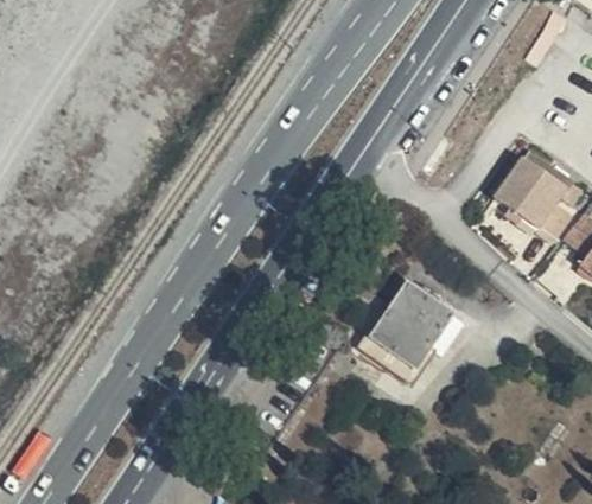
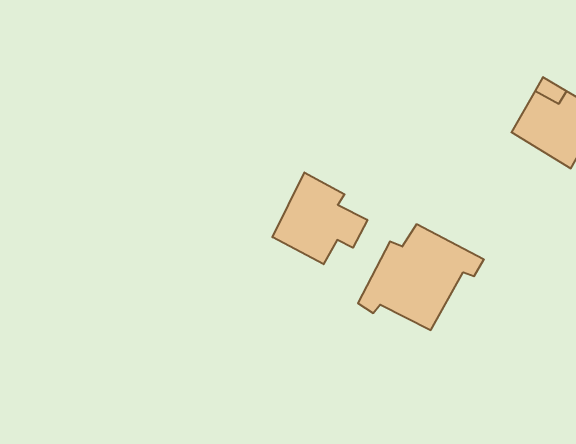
building: none -> [272,172,367,264]

